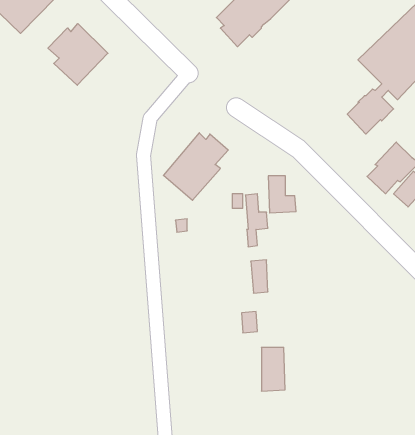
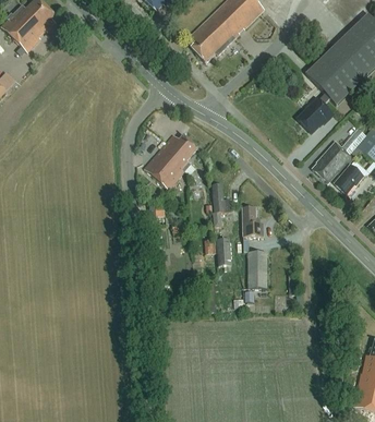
building: [48,24,108,85] -> none
building: [268,176,296,213] -> [242,206,265,237]
building: [261,347,285,391] -> [249,252,268,288]

